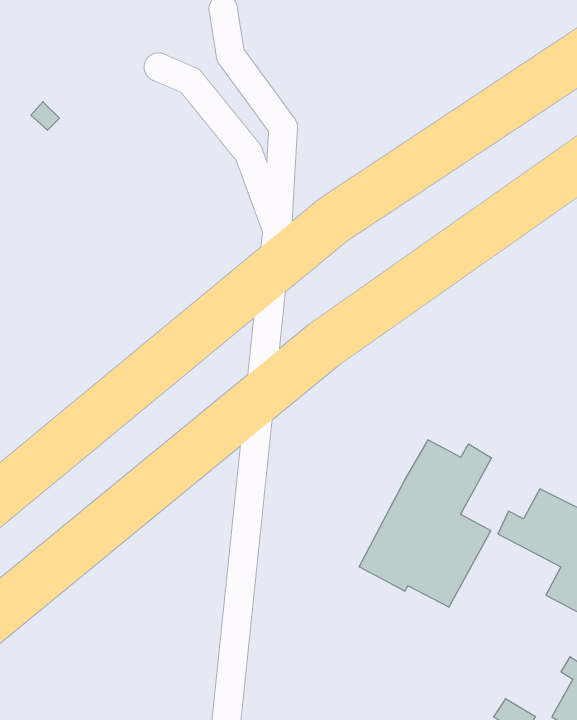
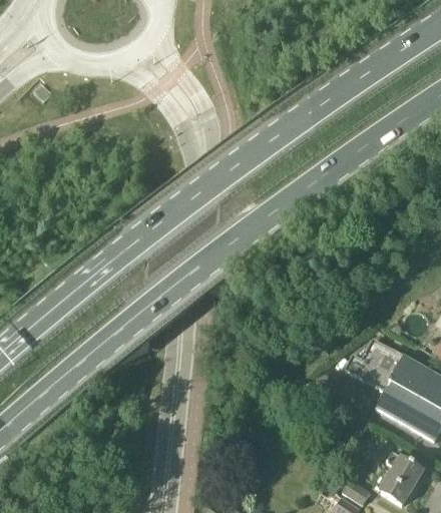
building: [359,440,491,607] -> none

